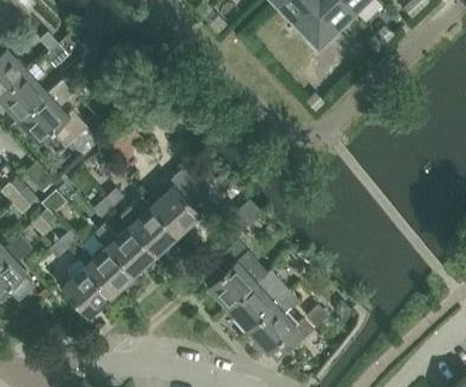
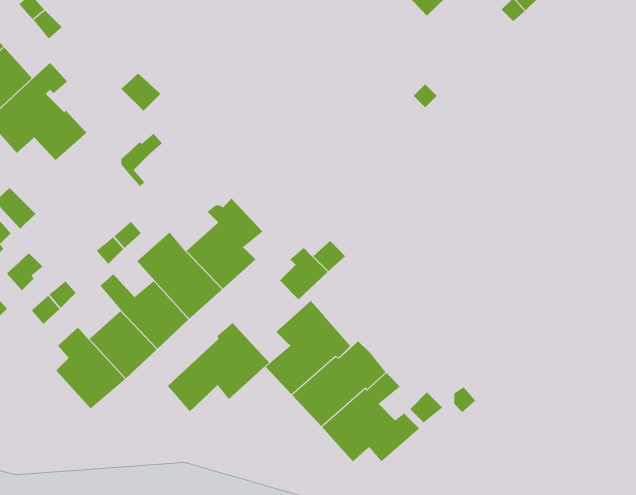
building: none -> [167,322,270,412]

